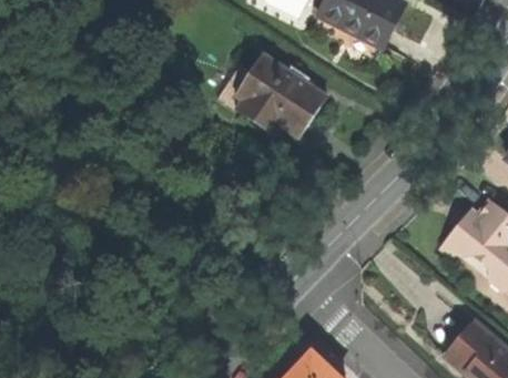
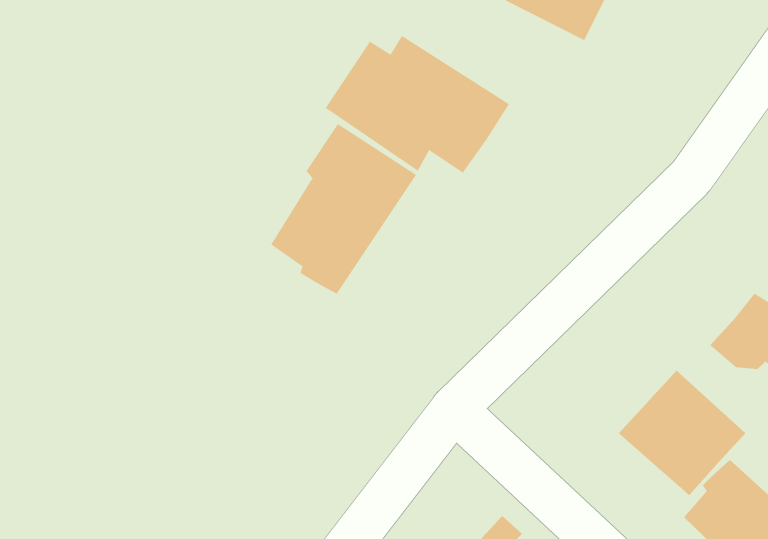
building: none -> [271,123,417,294]
building: none -> [618,370,746,496]

